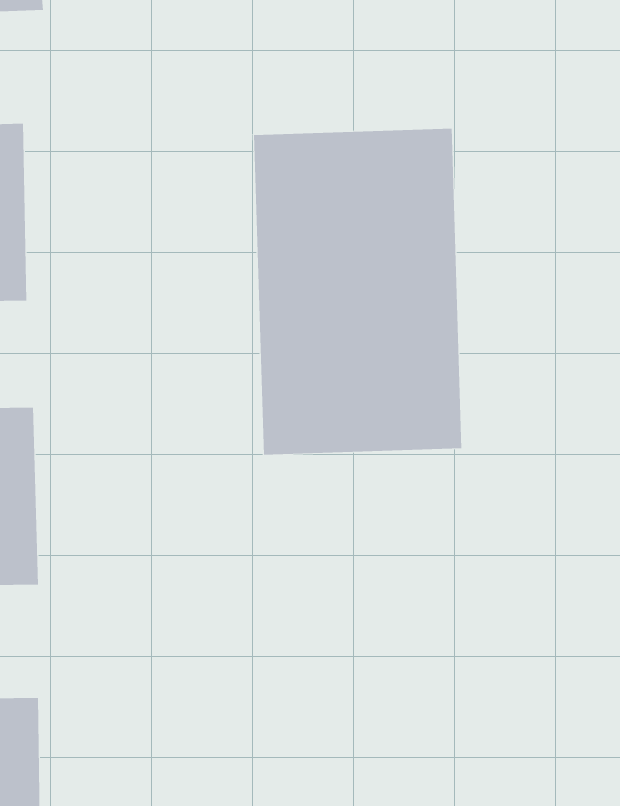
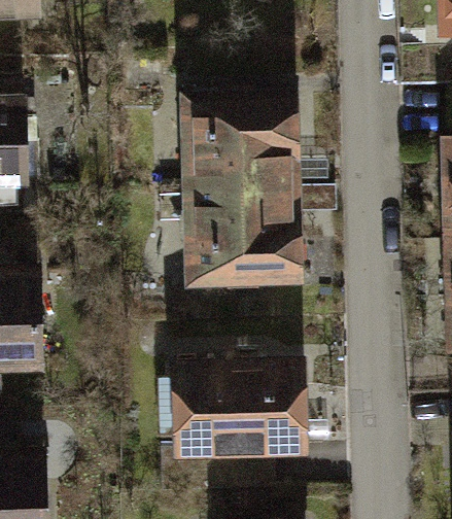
building: none -> [173,356,316,457]

